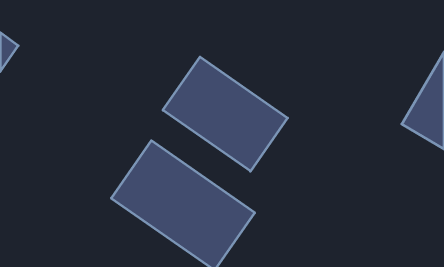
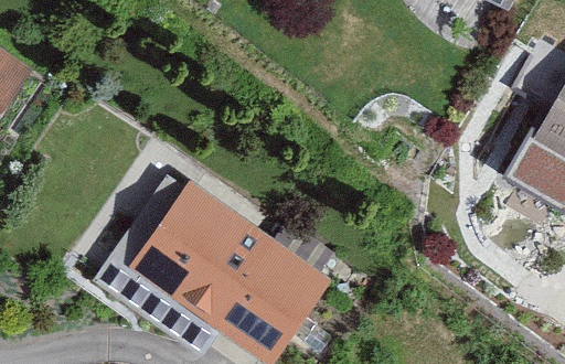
building: [163,57,288,171] -> none

